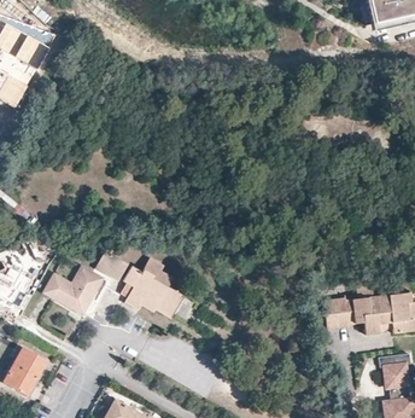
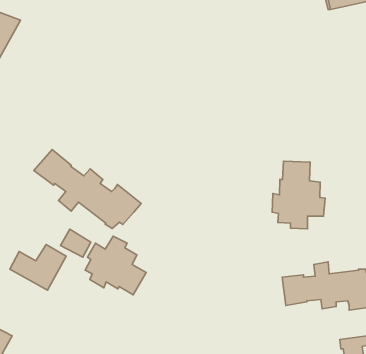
building: none -> [34,149,141,228]
building: none -> [272,161,325,229]

